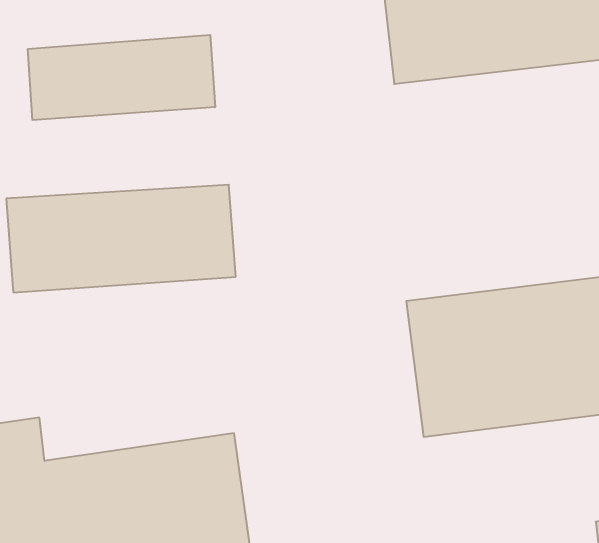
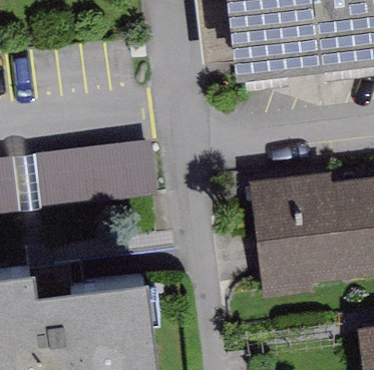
building: [28,35,215,120] -> none

